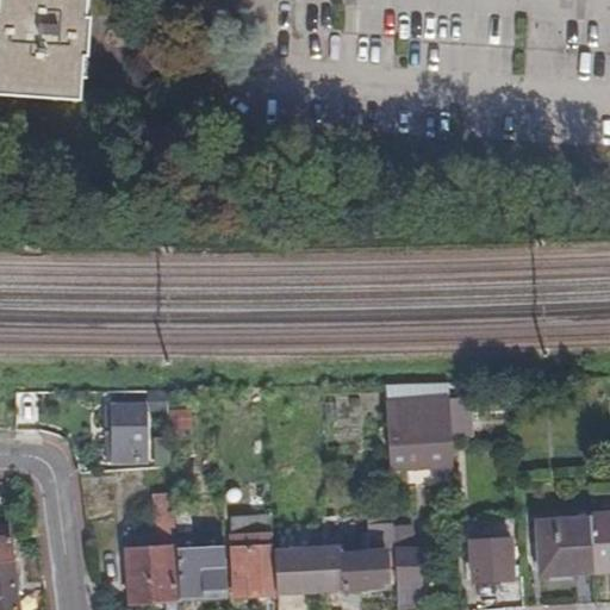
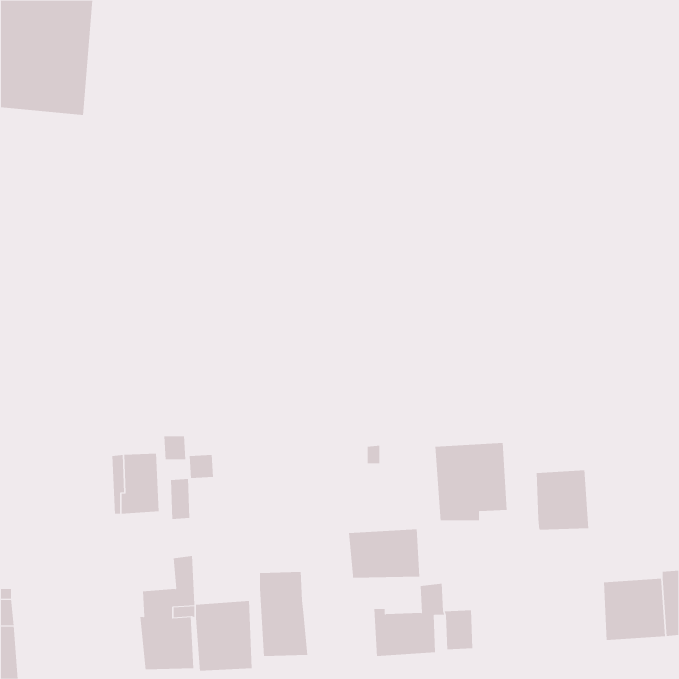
building: none -> [536,470,589,531]
building: [473,540,513,579] -> none
building: [273,546,337,590] -> [348,529,420,578]

